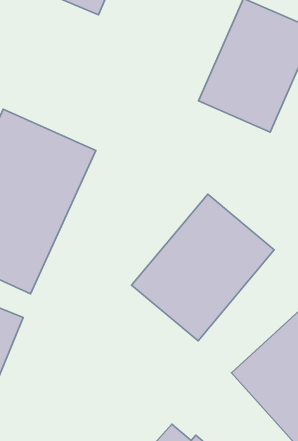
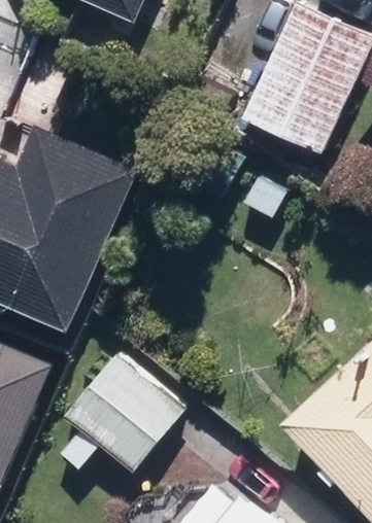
building: [132,194,274,341] -> none
building: none -> [62,351,190,470]

